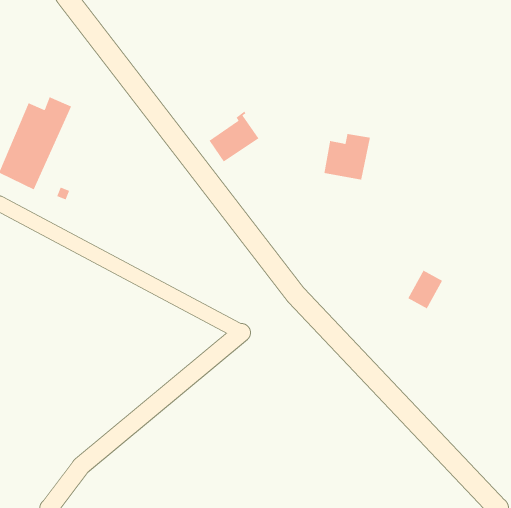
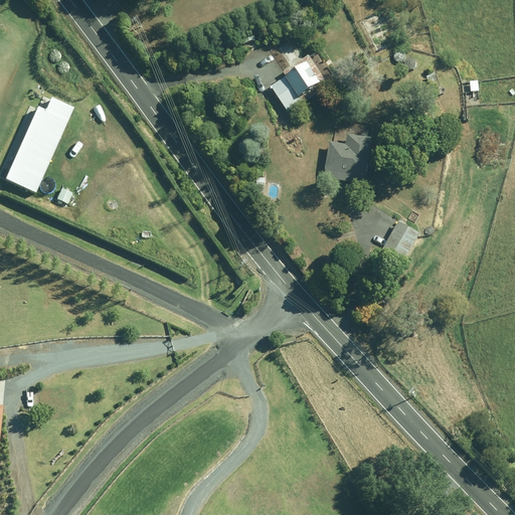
building: [209,111,260,163] -> [272,55,323,108]
building: [407,269,443,310] -> [383,221,419,262]

